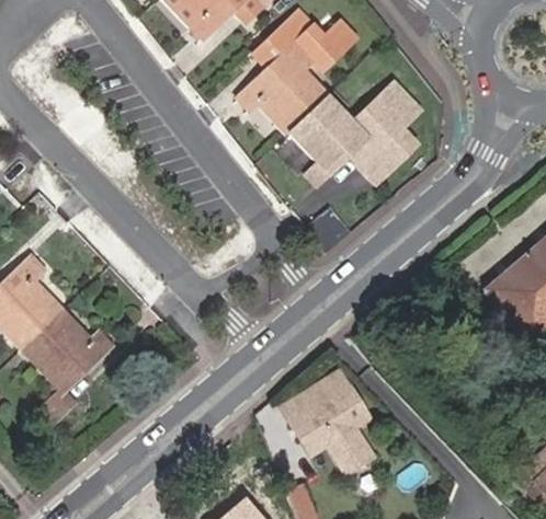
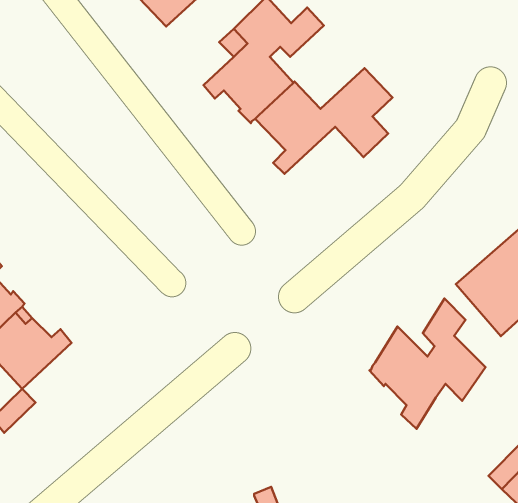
building: [349,137,394,182] -> none
building: none -> [369,298,485,429]
building: [280,370,372,473] -> none

